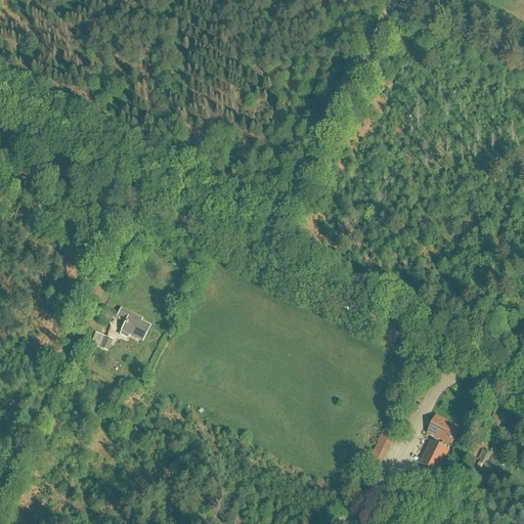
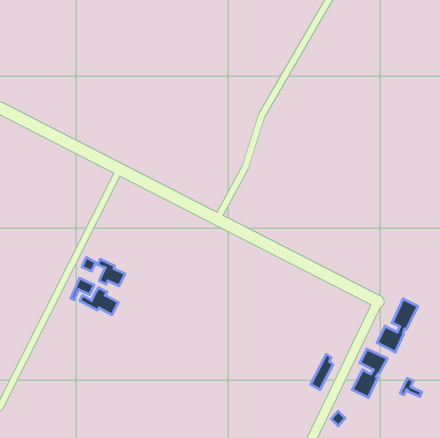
building: none -> [80,288,118,315]
building: none -> [377,299,418,352]

